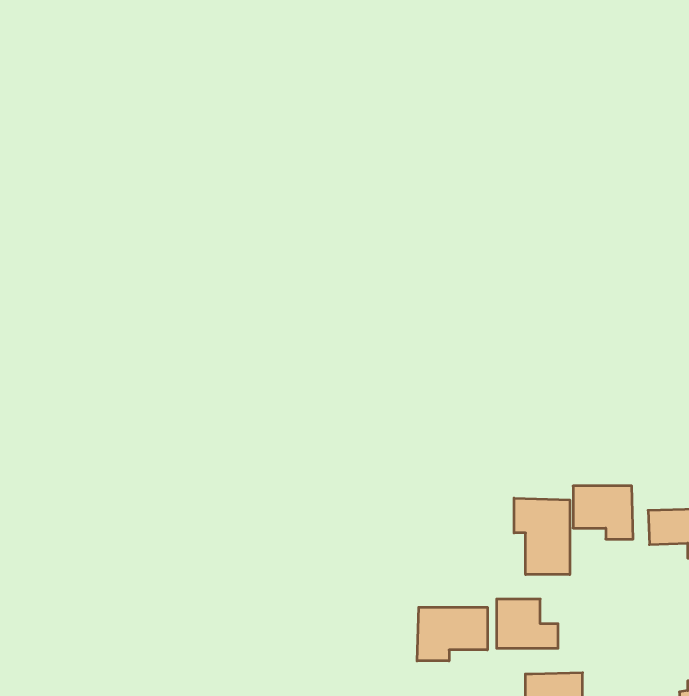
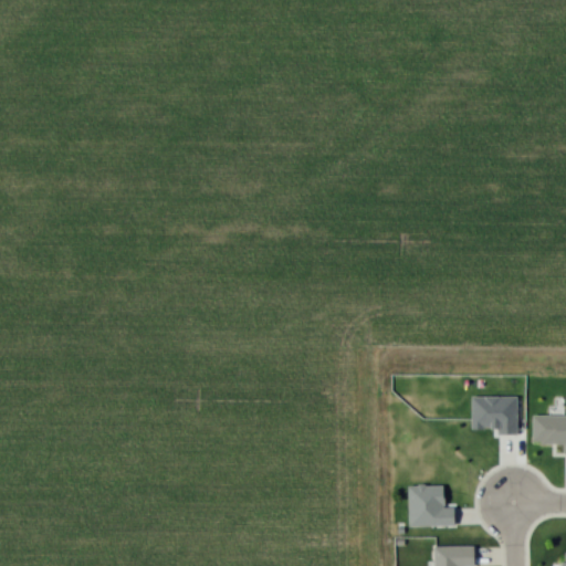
building: [514,498,570,575] -> none
building: [417,607,487,661] -> none

